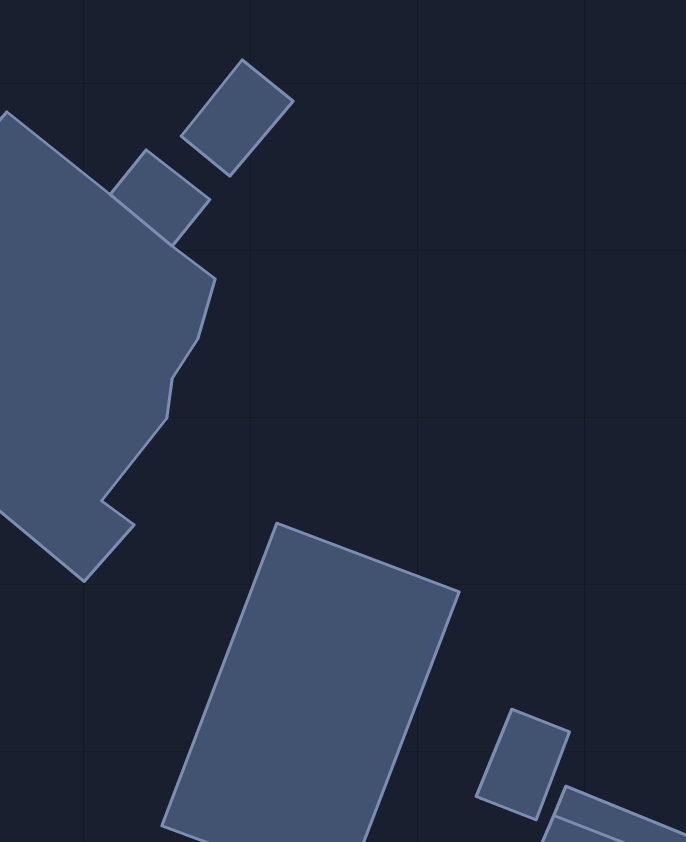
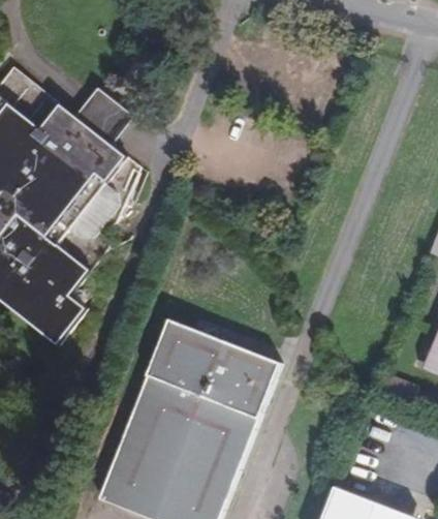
building: [181,60,293,176] -> none
building: [476,709,569,820] -> none

